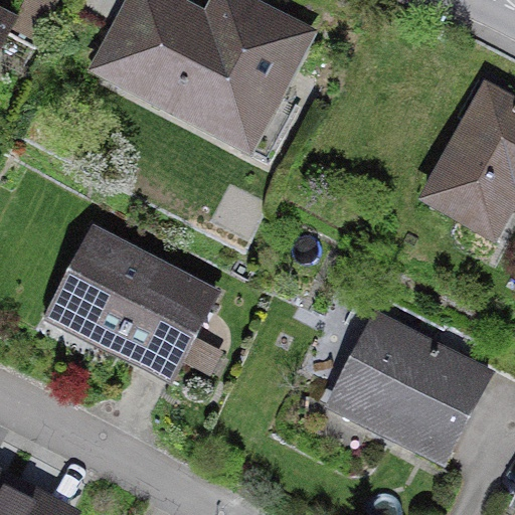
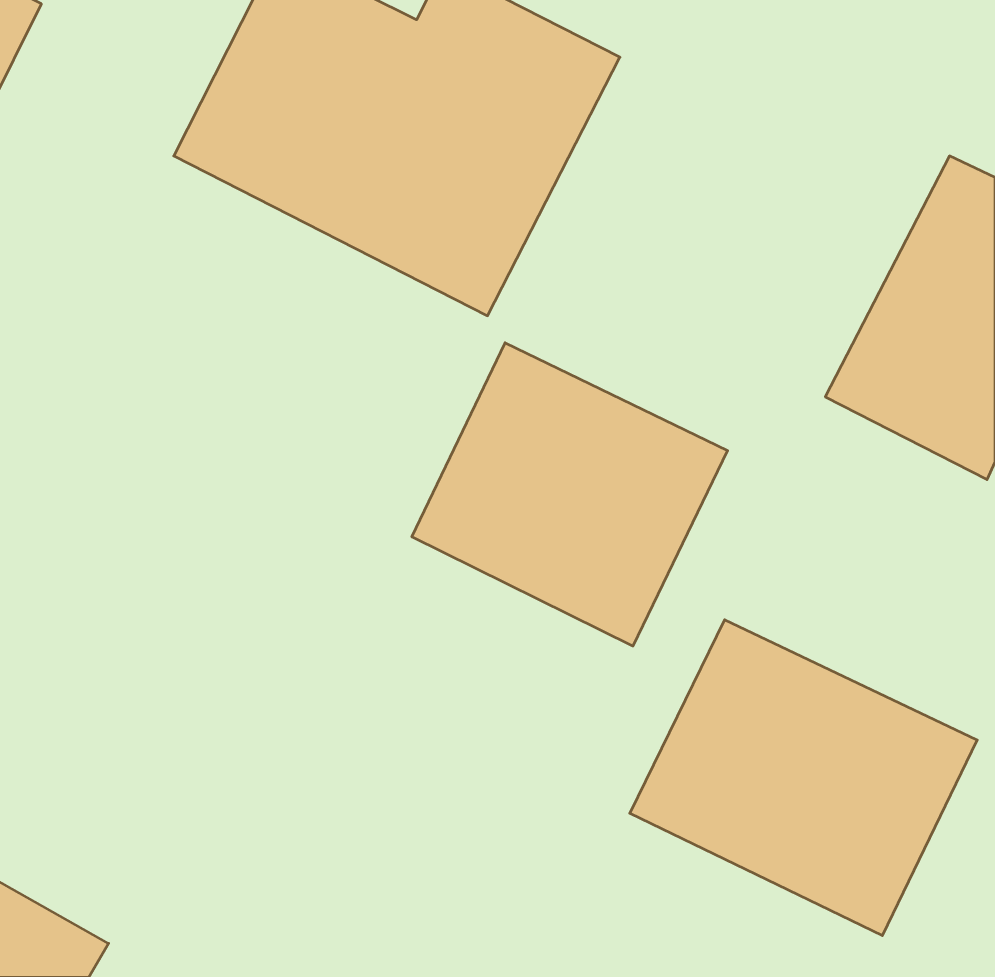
building: none -> [412,343,728,646]
building: [36,217,225,387] -> none

